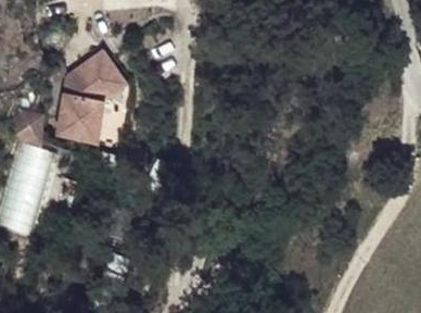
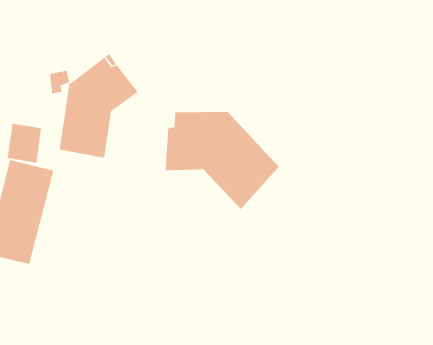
building: none -> [165,111,279,210]

